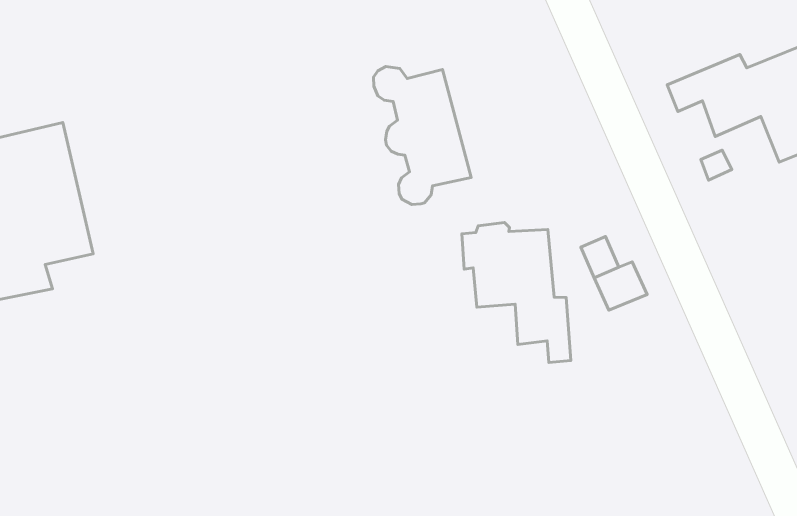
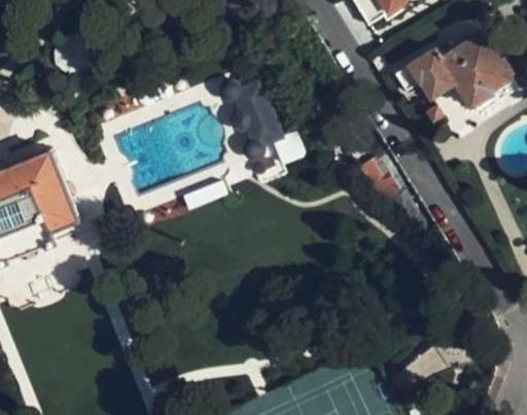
building: [462,223,571,363] -> none

